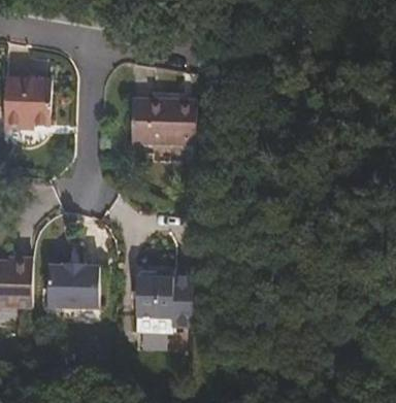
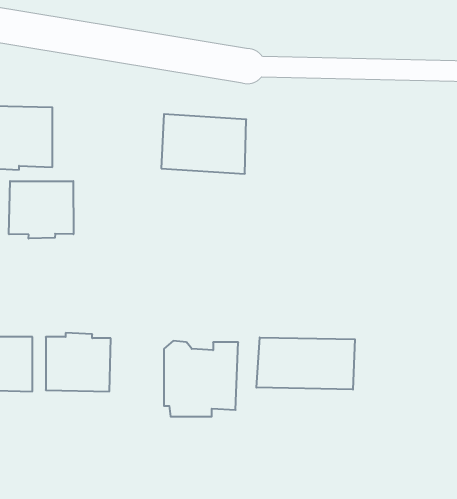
building: none -> [9,181,73,239]
building: none -> [256,337,355,390]

